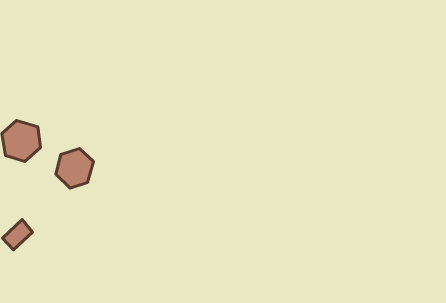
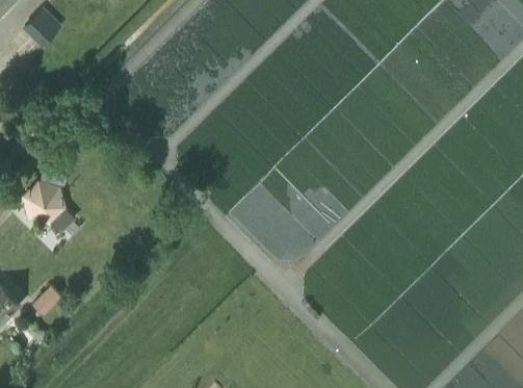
building: [56,148,94,188] -> none

